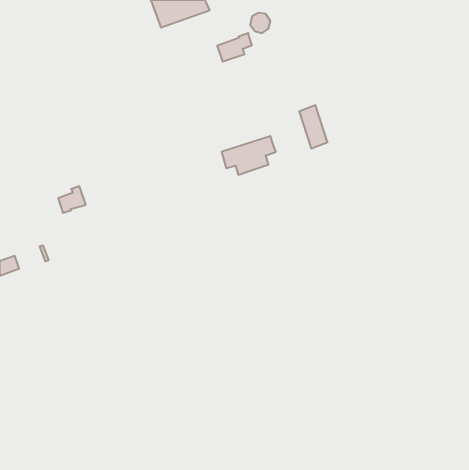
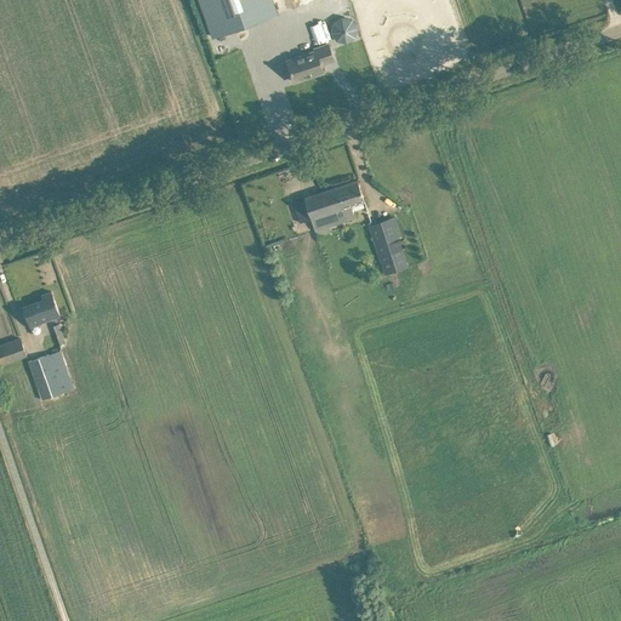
building: [299,105,328,148] -> [369,217,406,274]
building: [58,186,86,213] -> [23,291,59,326]
building: none -> [27,349,74,400]

